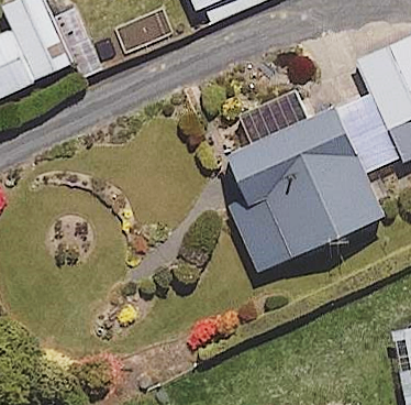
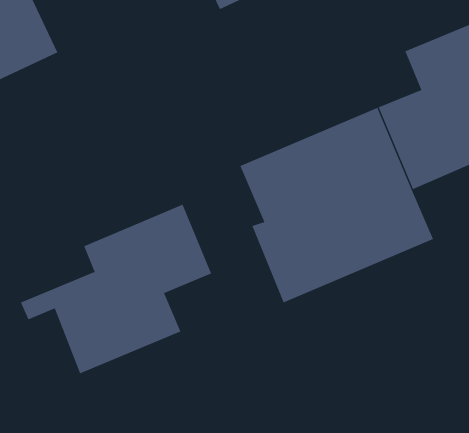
building: none -> [20,204,212,374]

